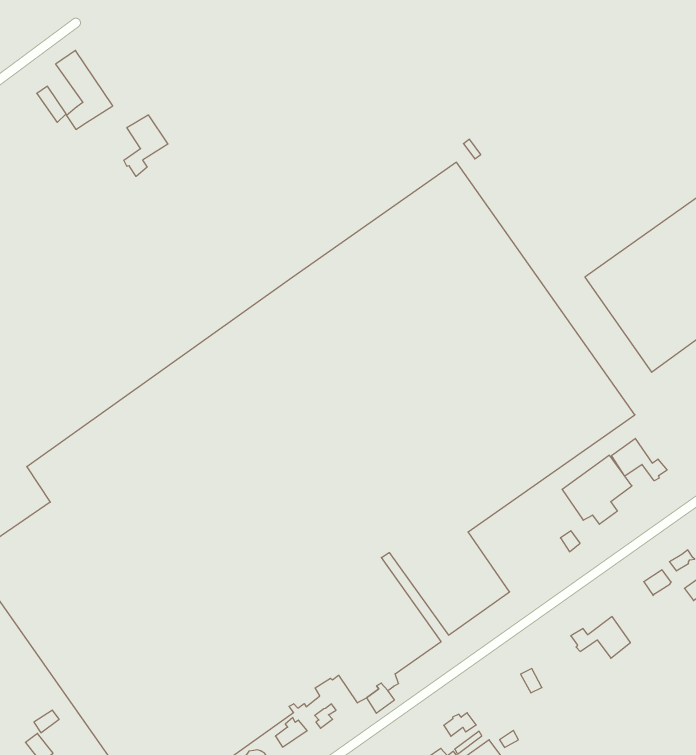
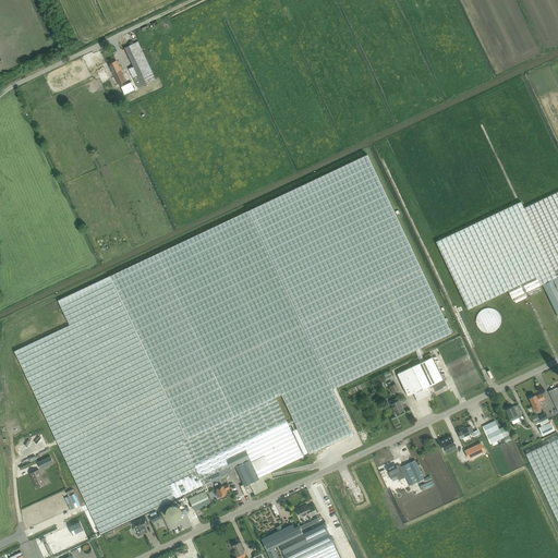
building: [124,115,168,176] -> none
building: [612,438,667,481] -> none

